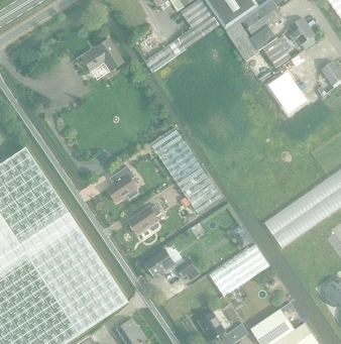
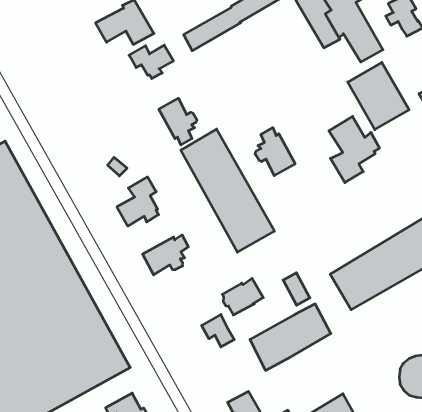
building: none -> [129,45,173,79]
building: none -> [159,98,197,145]
building: none -> [329,116,379,183]
building: none -> [255,128,295,176]
building: [145,249,175,276] -> [222,278,263,315]

